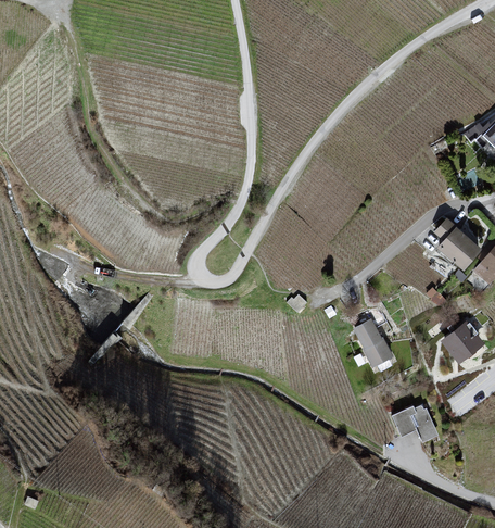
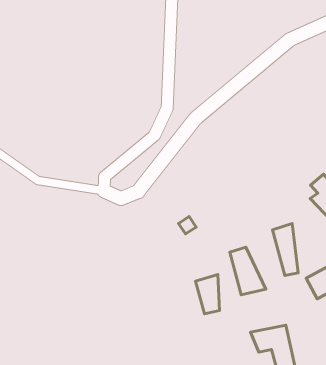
building: none -> [273,224,298,275]
building: none -> [196,275,219,314]

